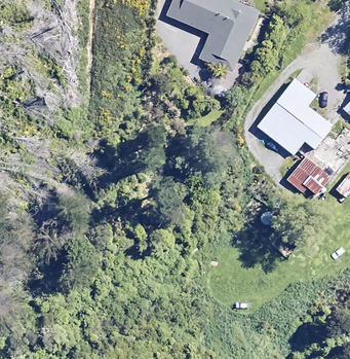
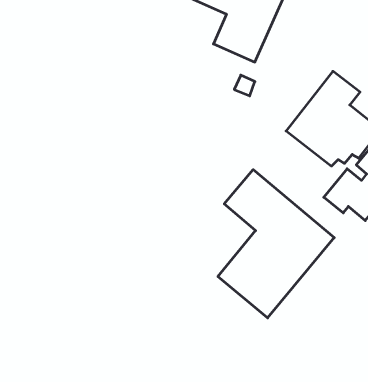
building: none -> [218,170,334,318]

